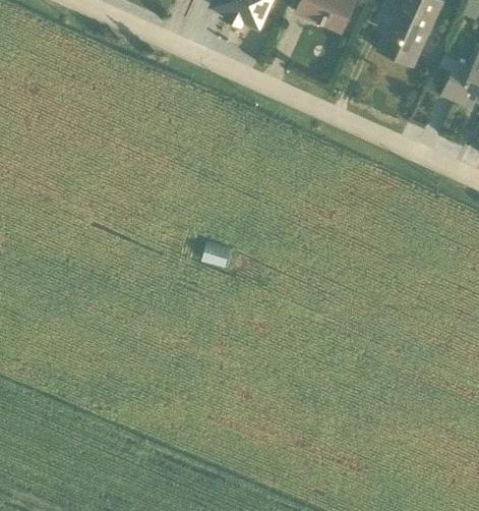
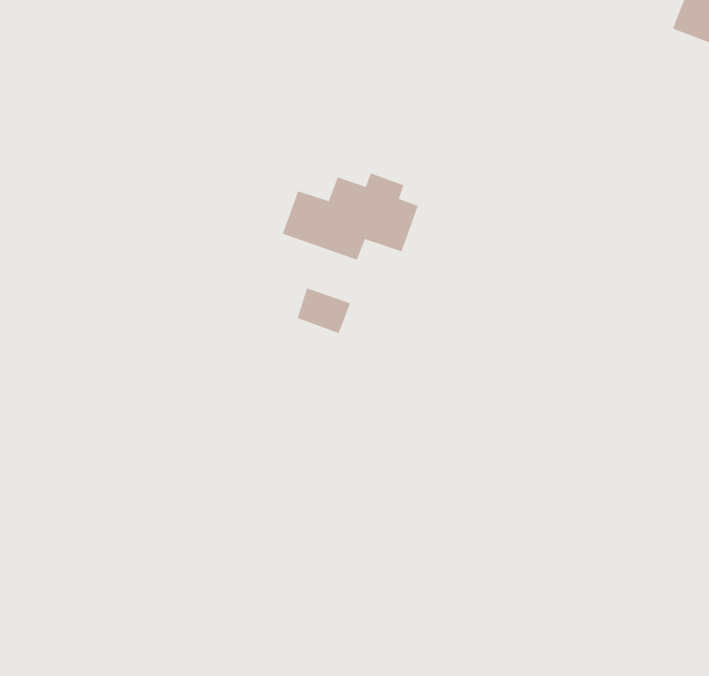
building: none -> [282,173,419,260]

